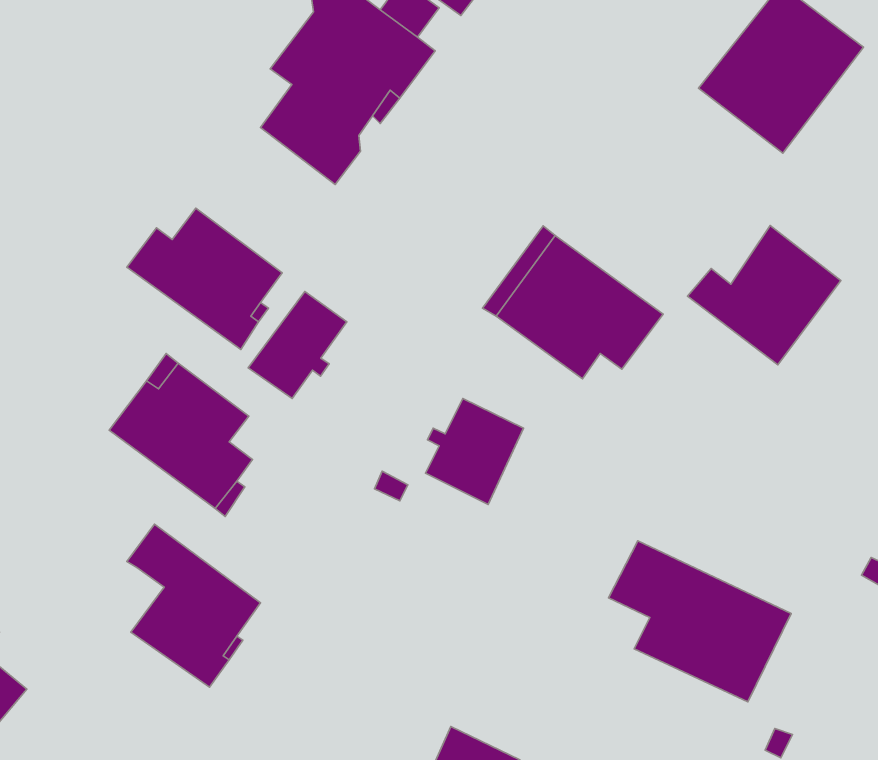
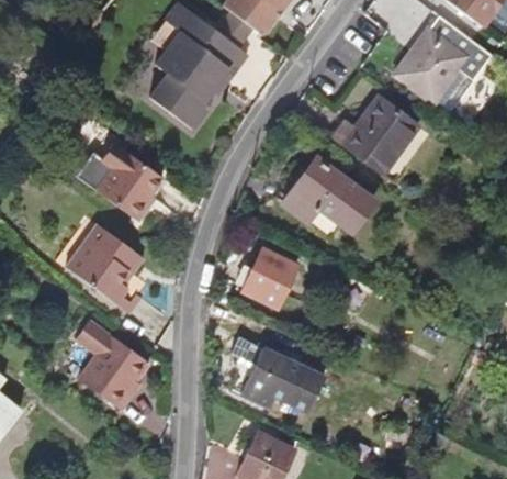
building: [688,225,841,365] -> [333,96,418,174]
building: [248,292,347,399] -> none
building: [609,541,791,702] -> [226,333,328,423]

